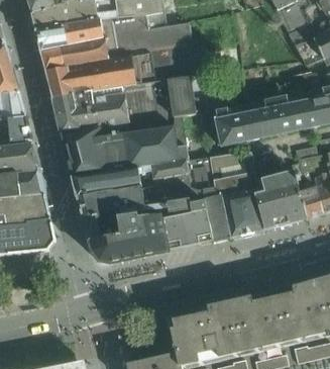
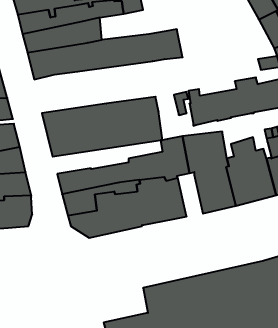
building: [122,20,192,56] -> none
building: [53,76,198,132] -> none
building: [73,161,188,196] -> none
building: [203,194,230,242] -> none

